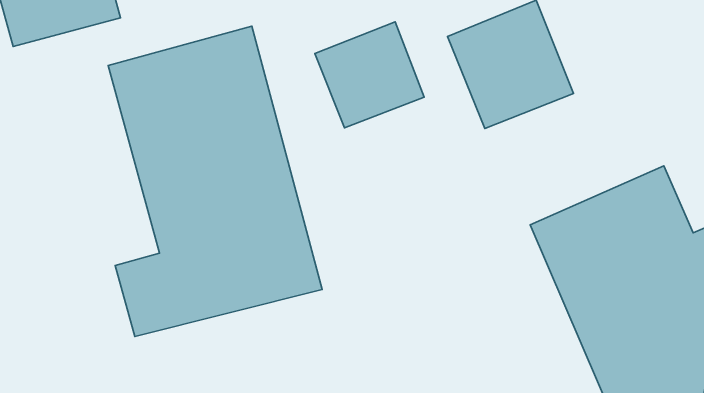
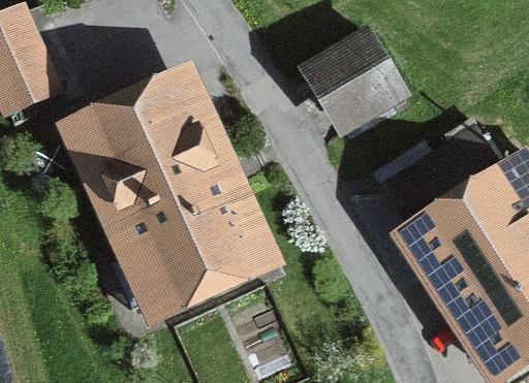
building: [315,22,424,128] -> none

